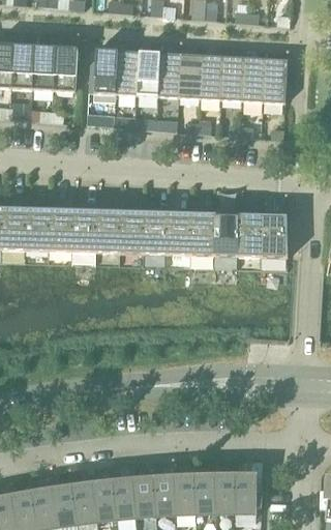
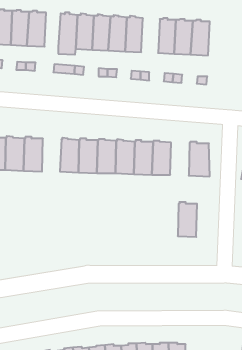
building: [200,54,223,99] -> none
building: [72,208,97,252] -> none
building: [237,212,262,257] -> [178,202,197,237]

